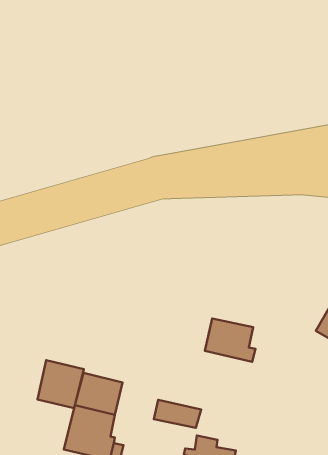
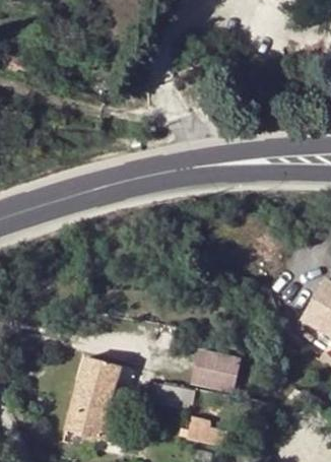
building: [205,319,255,362] -> [192,351,240,392]
building: [37,360,84,408] -> none

